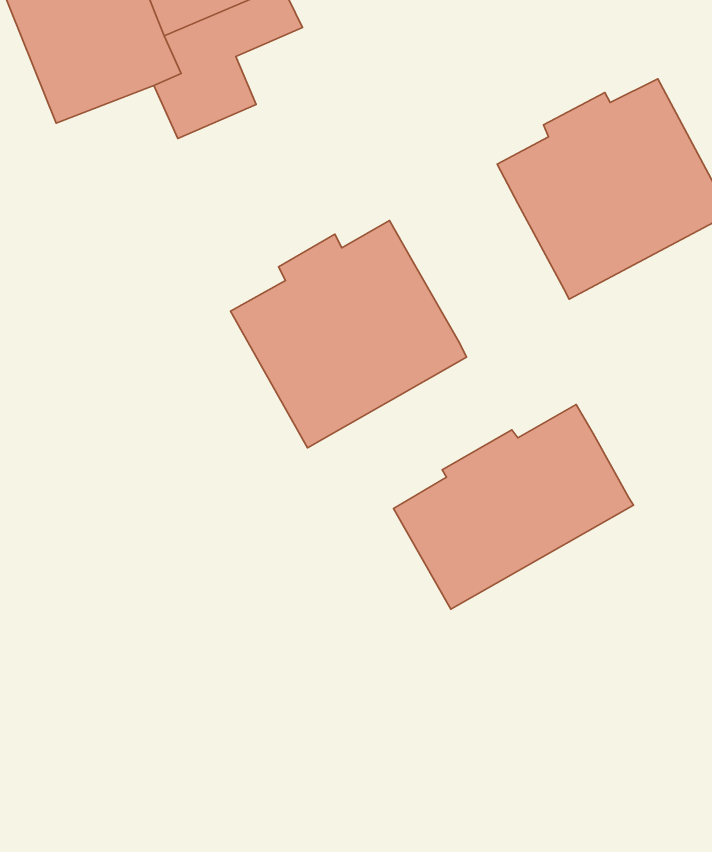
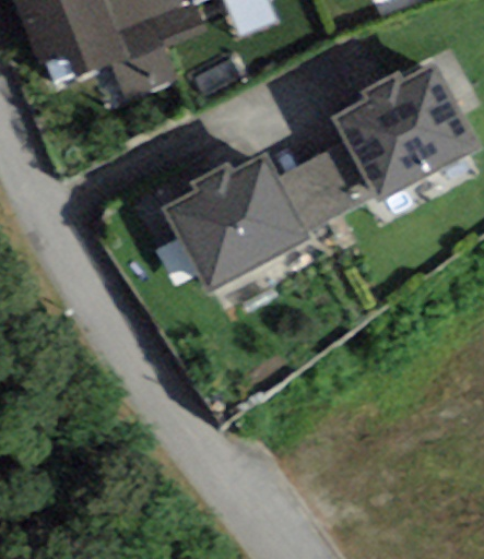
building: none -> [276,140,374,229]
building: [393,405,633,609] -> none

